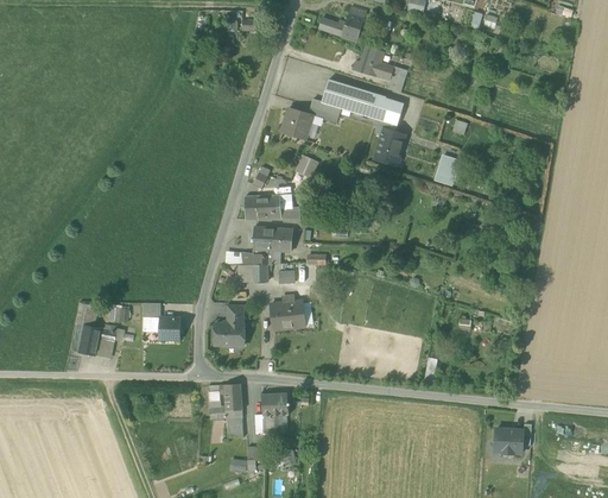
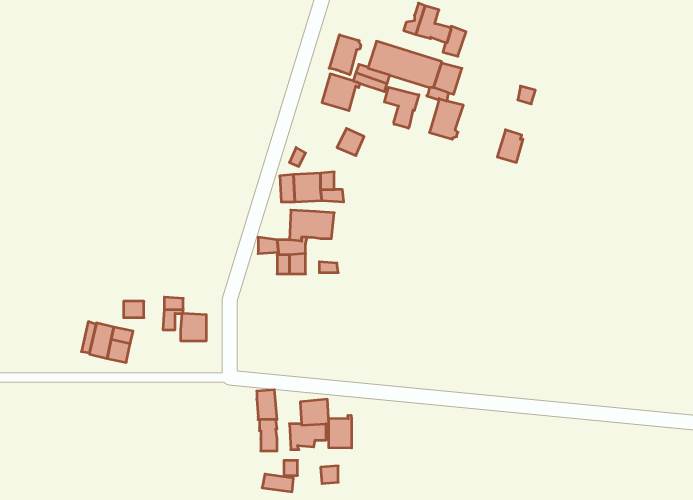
building: none -> [329,35,361,75]
building: none -> [384,87,419,128]
building: [272,295,305,329] -> none
building: [215,315,245,345] -> none
building: none -> [329,415,352,448]
building: [490,428,524,454] -> none

